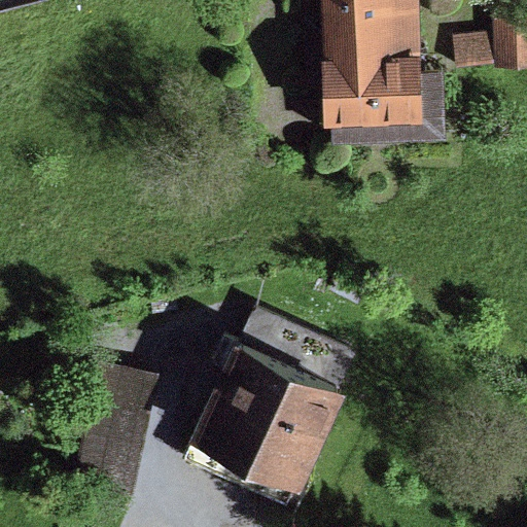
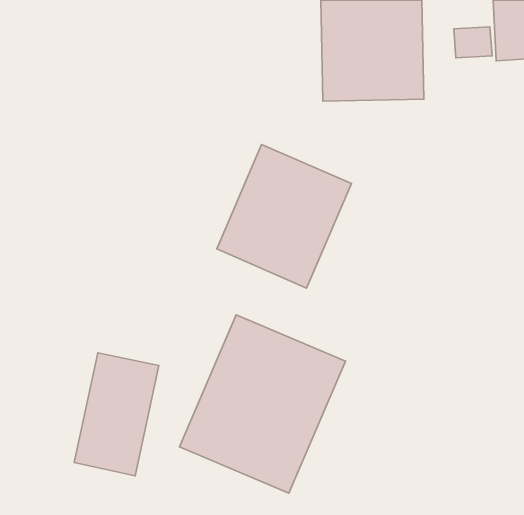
building: none -> [217,144,351,288]

